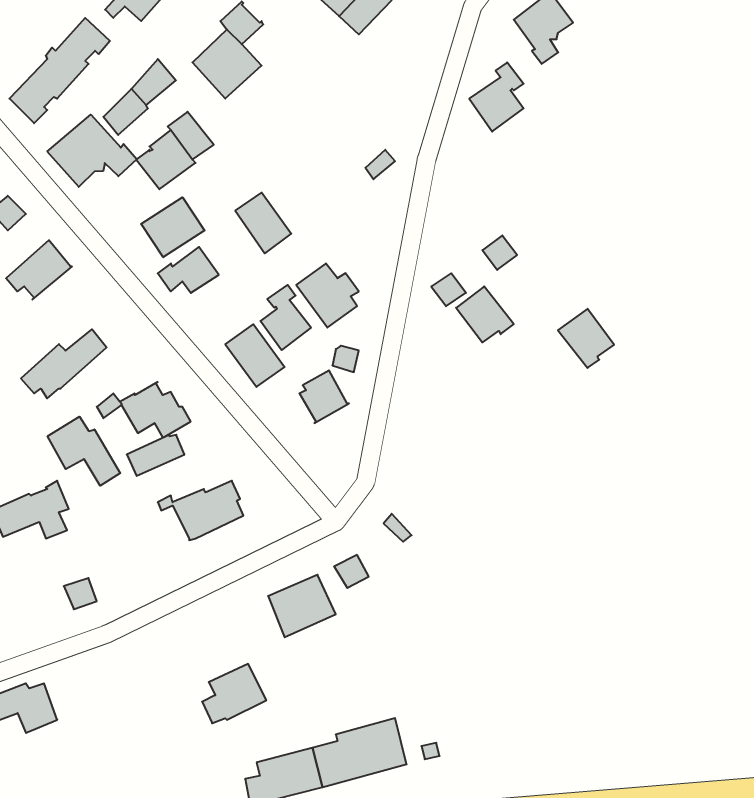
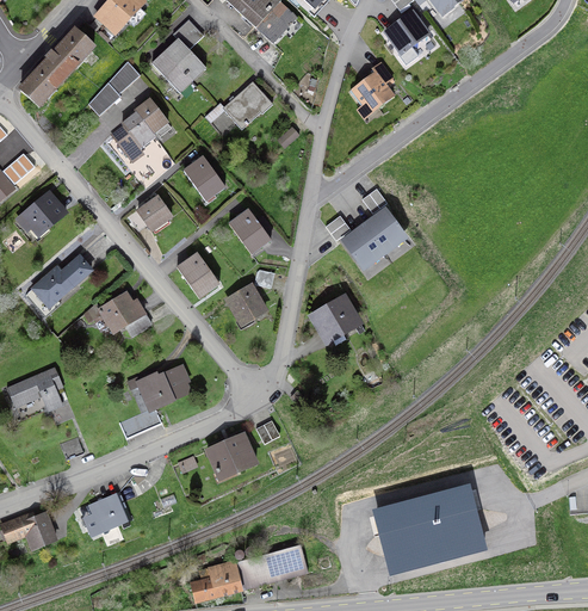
building: none -> [205,82,273,129]
building: [47,115,137,187] -> none
building: [141,197,205,257] -> none
building: [260,285,311,350] -> none
building: [558,309,614,368] -> [364,210,404,253]
building: none -> [314,300,358,340]
building: [48,417,120,486] -> none
building: [127,435,184,476] -> [119,408,161,438]
building: none -> [372,483,487,574]
building: [202,664,266,723] -> [85,493,131,536]

